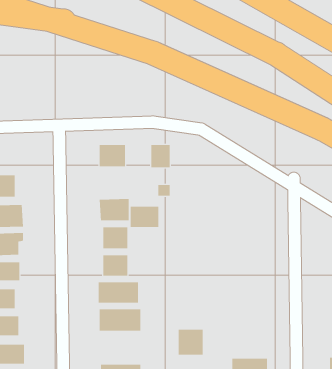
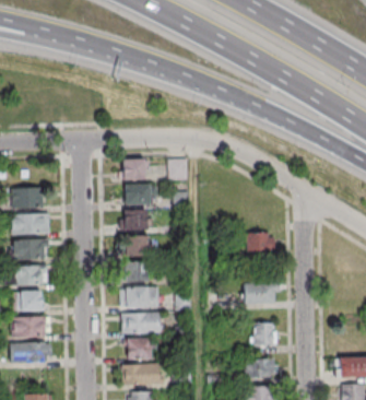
building: [130,206,159,227] -> [125,184,152,203]
building: none -> [248,232,275,251]
building: none -> [244,281,280,302]
building: [178,329,204,355] -> [253,322,278,346]
building: none -> [125,338,152,357]

